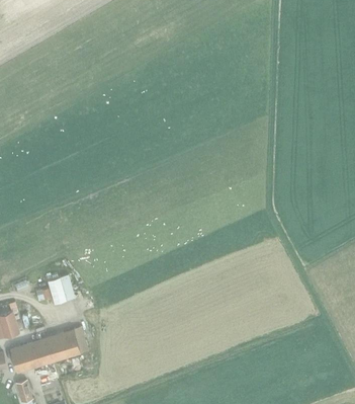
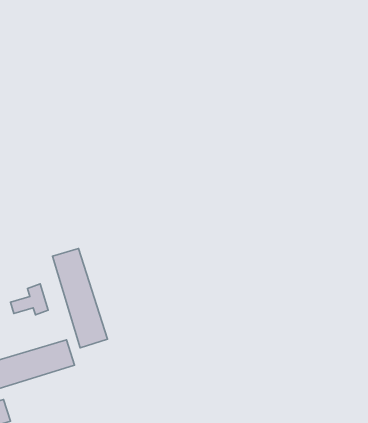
building: none -> [52,248,107,348]

